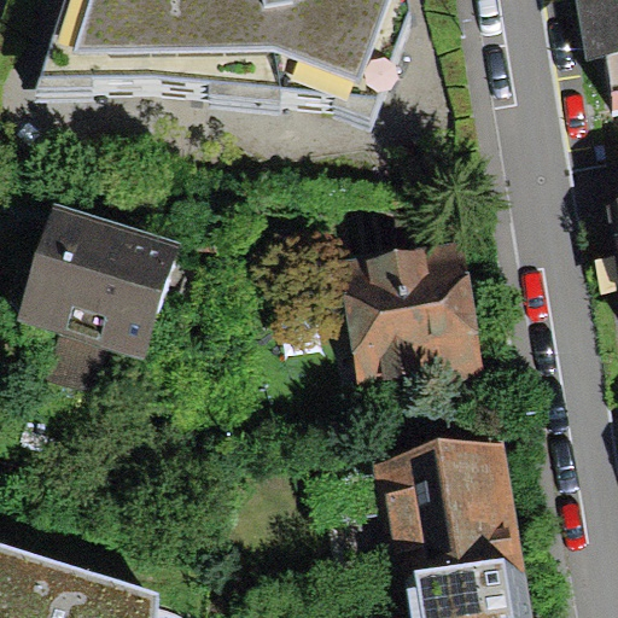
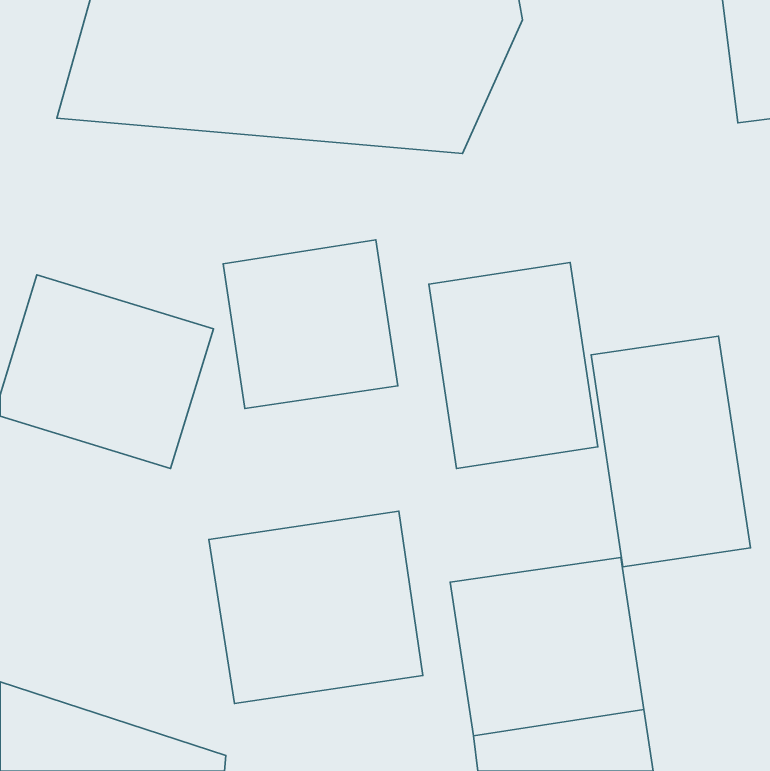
building: none -> [223,240,398,408]
building: none -> [591,336,750,567]
building: none -> [209,511,423,704]

